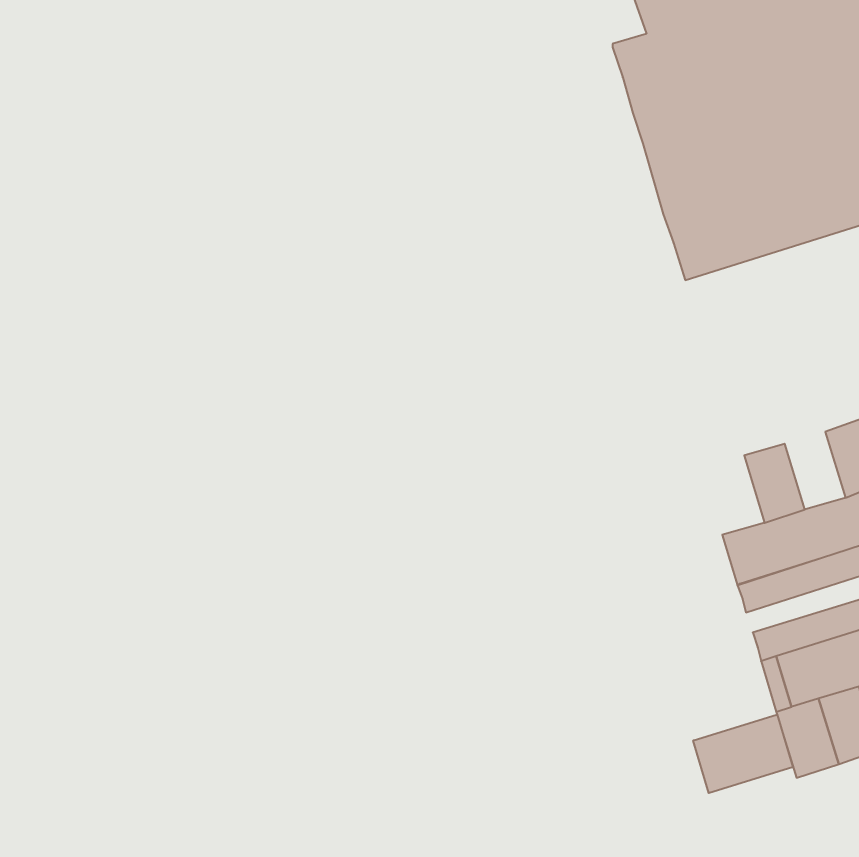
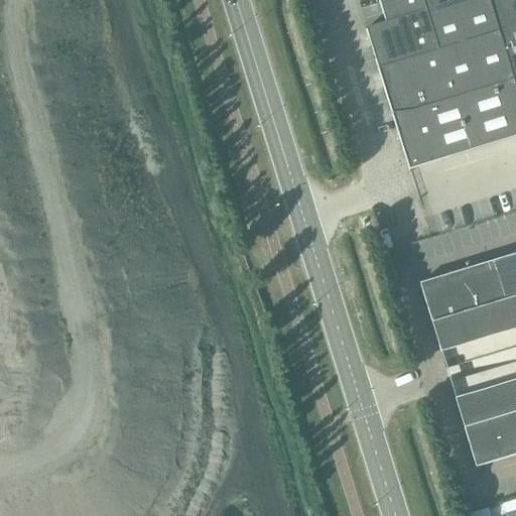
building: none -> [471,258,507,304]
building: none -> [421,272,459,319]
building: [693,715,793,793] -> none

